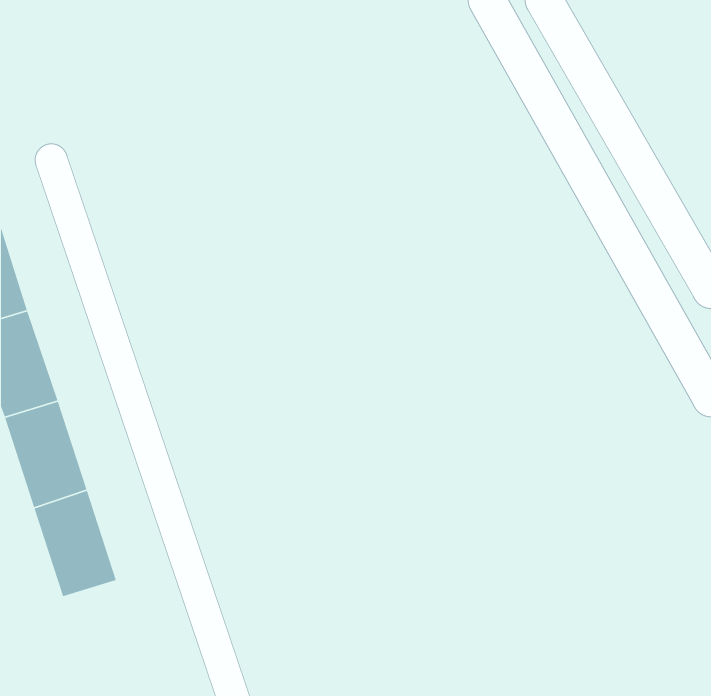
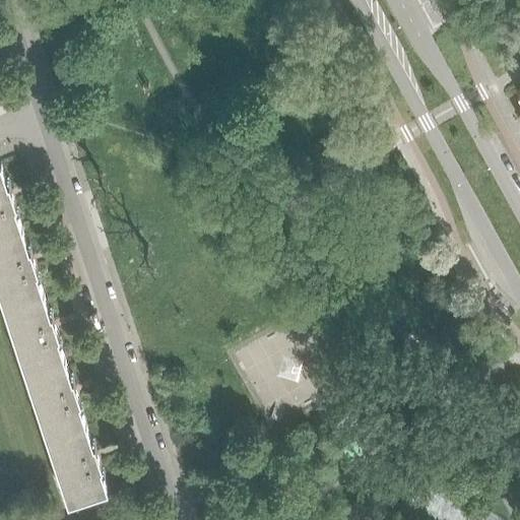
building: none -> [46,435,107,513]

